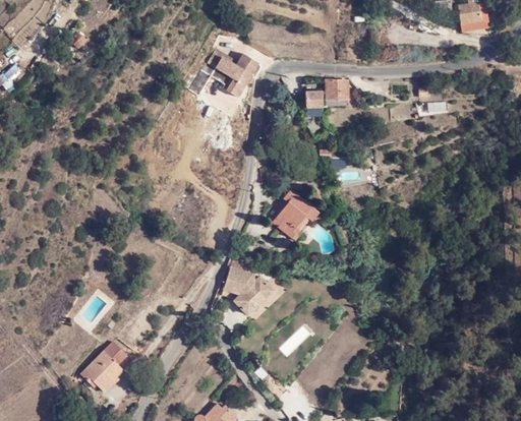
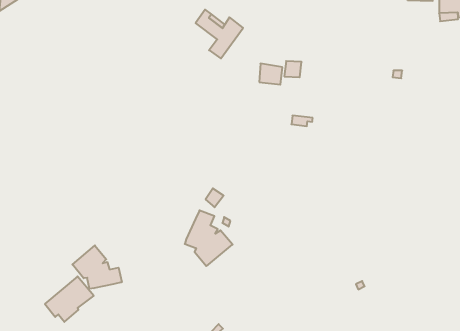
building: [326,80,349,100] -> [259,64,282,85]
building: [273,190,319,241] -> none
building: none -> [72,245,122,289]

